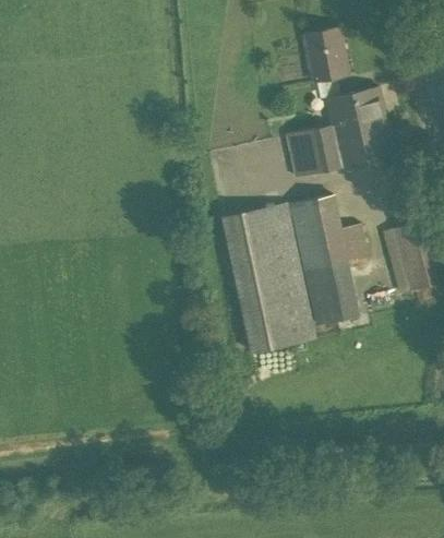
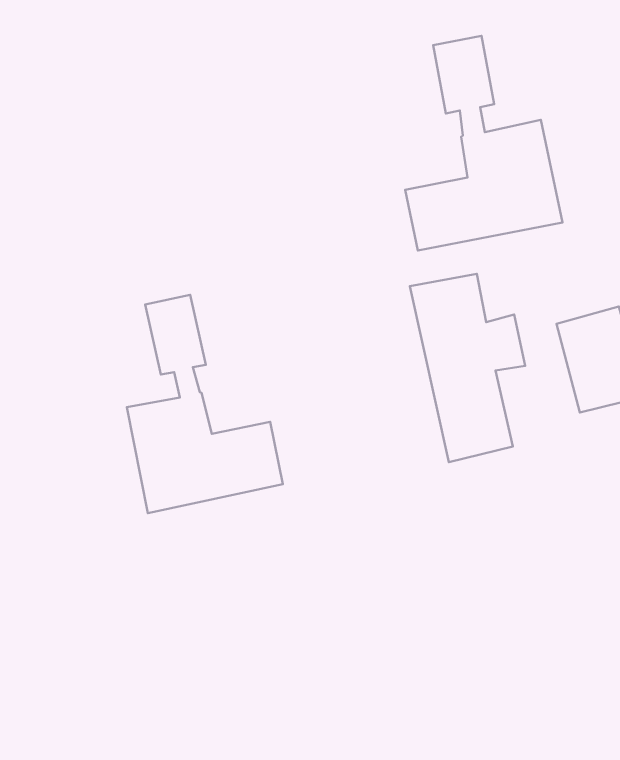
building: [220,202,316,354] -> none
building: none -> [127,295,283,513]

